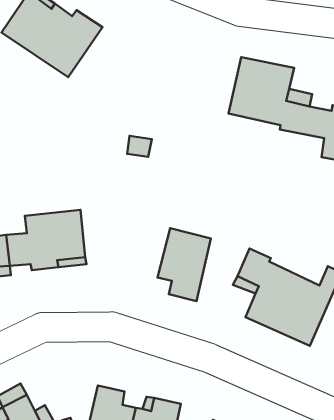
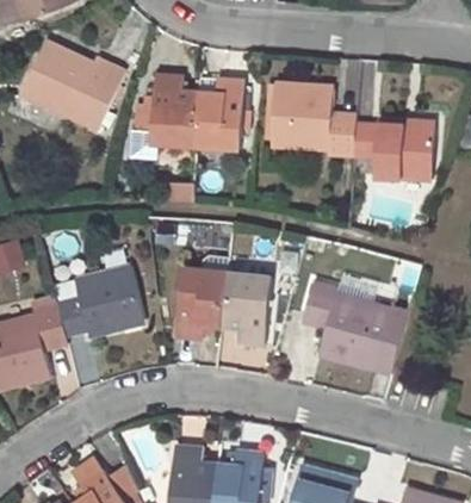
building: none -> [150,77,243,148]
building: none -> [175,268,227,340]

